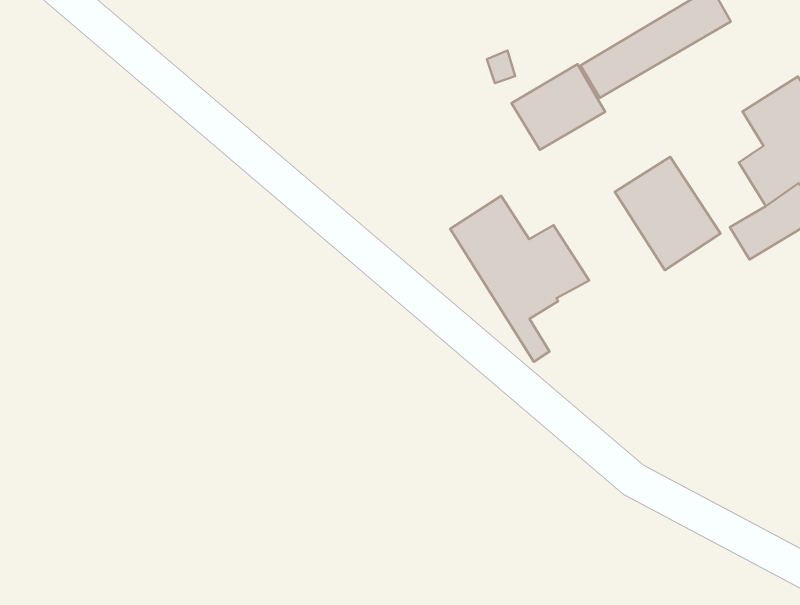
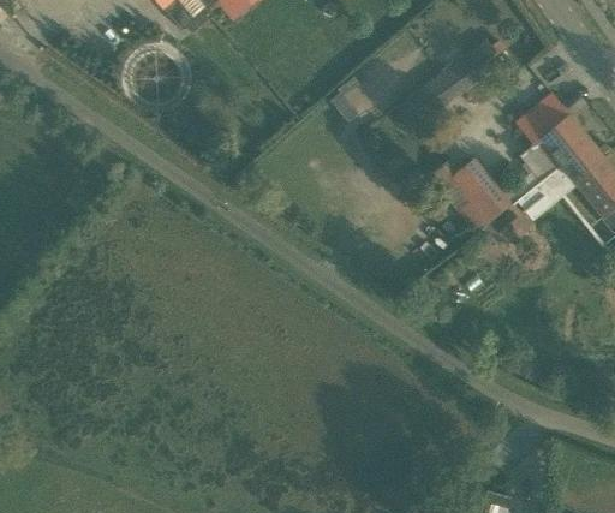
building: [512,64,605,150] -> none
building: [450,196,589,362] -> none

